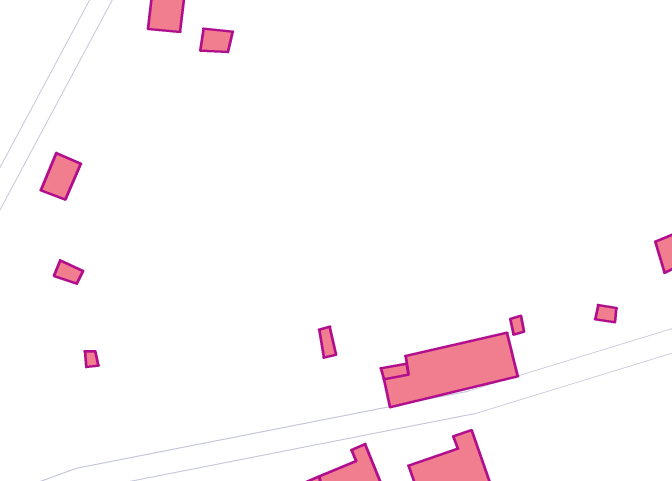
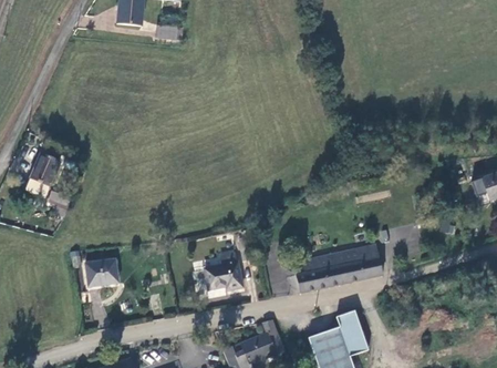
building: [41,153,81,199] -> [31,151,60,184]
building: none -> [206,251,244,287]
building: none -> [86,257,118,286]

